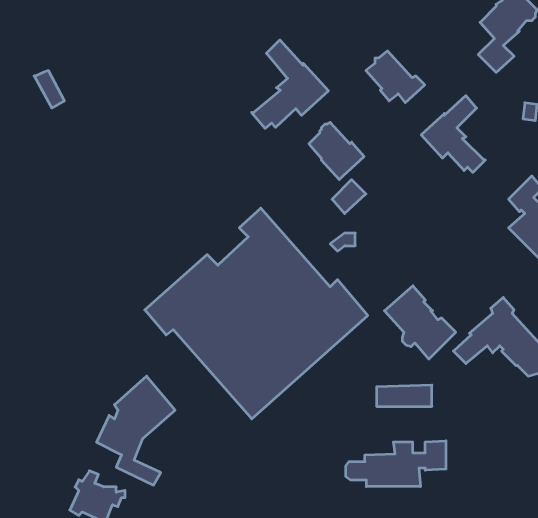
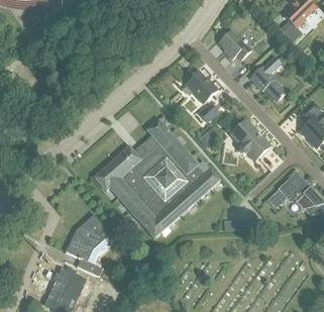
building: [252,40,328,128] -> none
building: [384,286,456,359] -> [229,119,269,161]
building: [346,441,446,487] -> none

